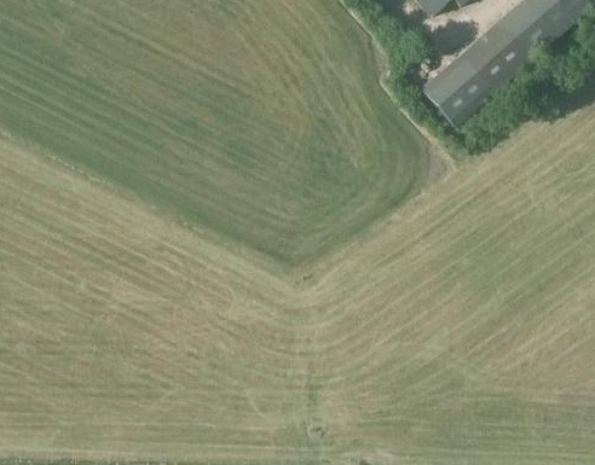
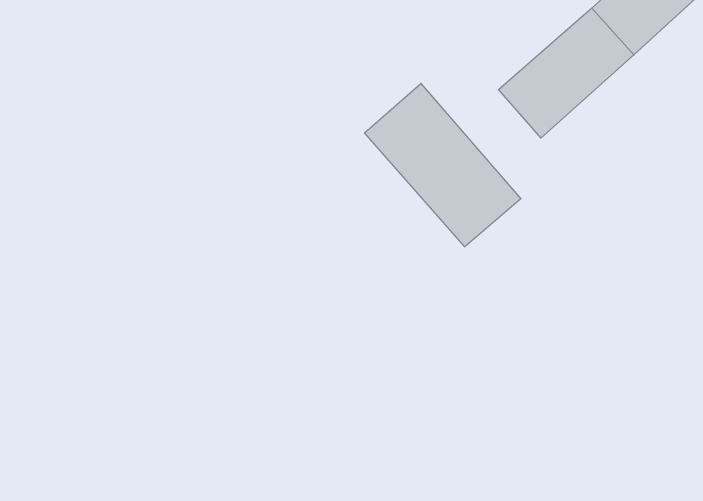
building: none -> [364,83,521,247]

